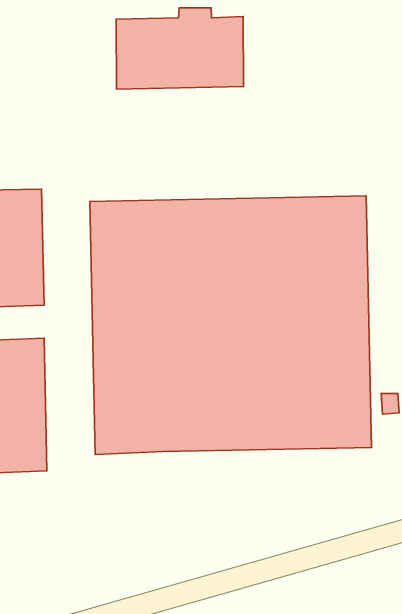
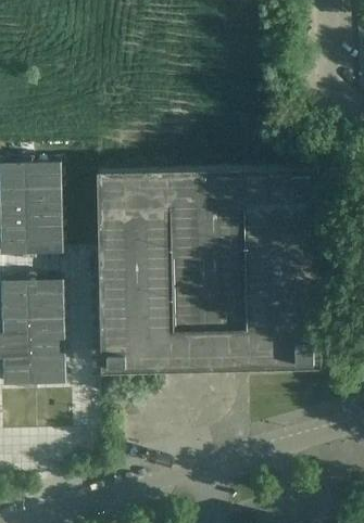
building: [116,8,244,89] -> none

